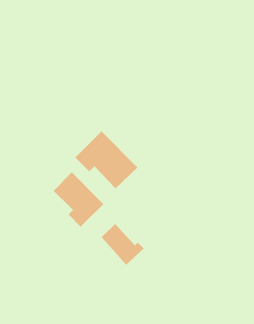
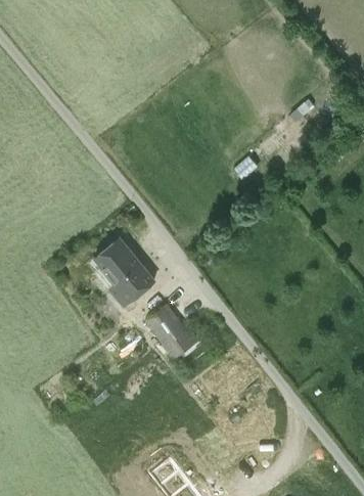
building: [74,130,138,189] -> none

